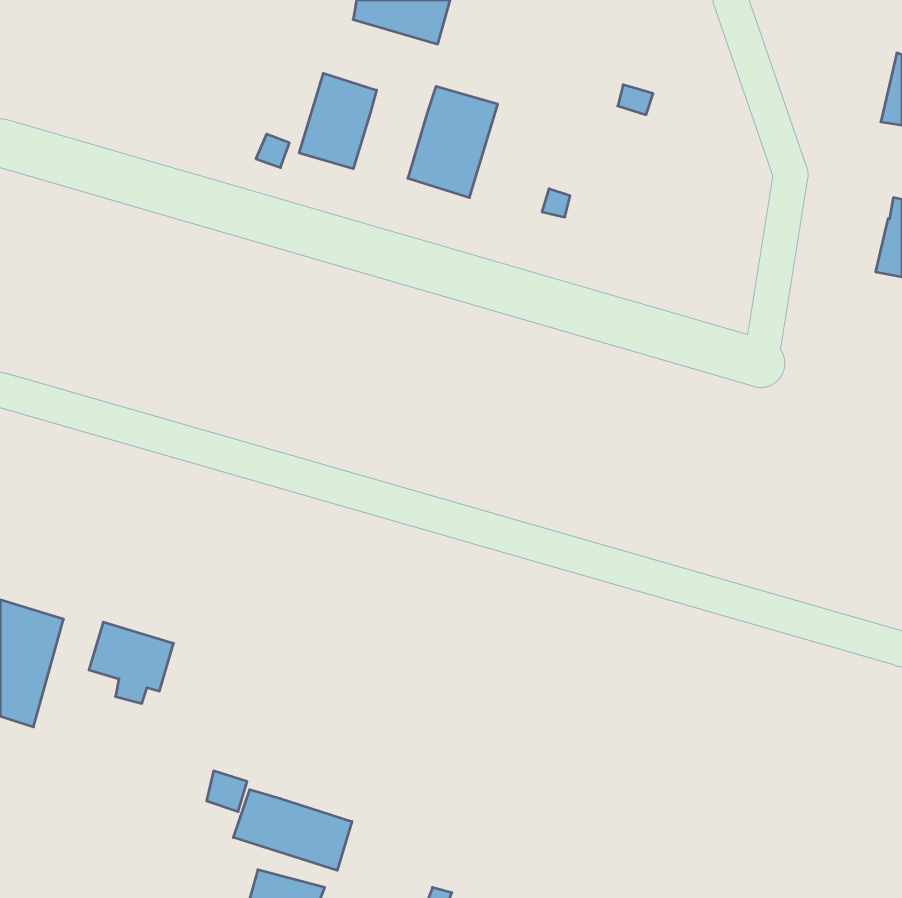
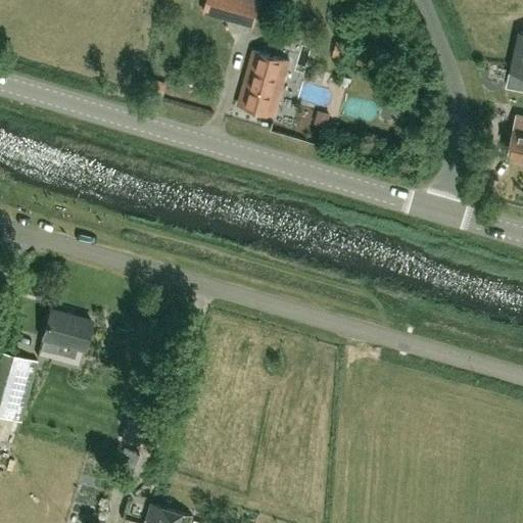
building: [299,73,377,169] -> none
building: [89,622,174,703] -> [43,311,92,358]
building: [233,790,352,870] -> none

